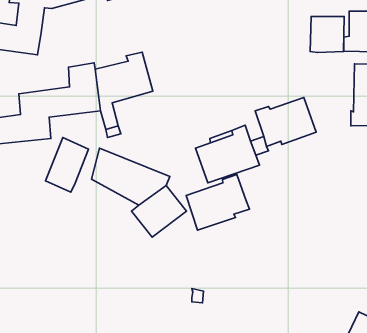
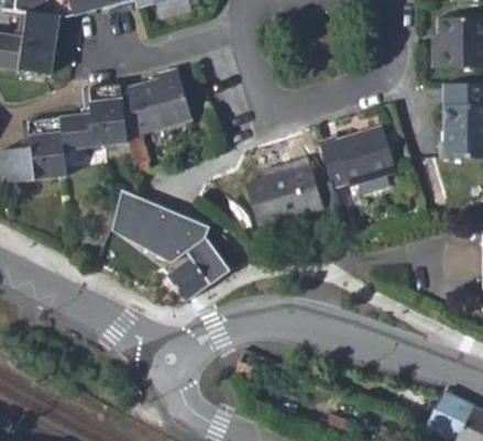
building: [310,16,344,52] -> none
building: [46,138,88,192] -> none
building: [186,174,250,230] -> none

